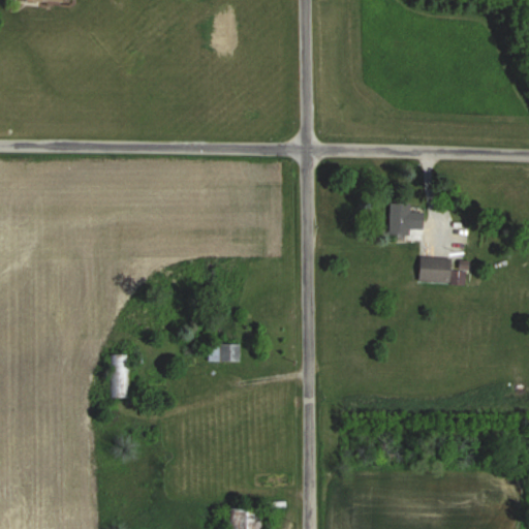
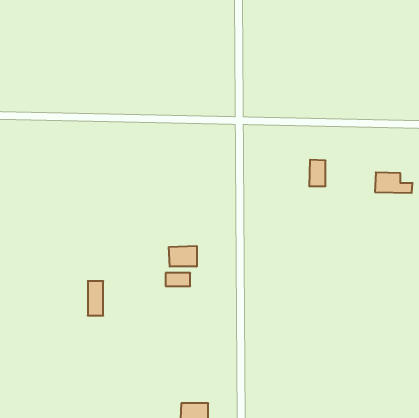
building: [418,257,466,283] -> [375,172,413,193]
building: none -> [169,246,197,267]

